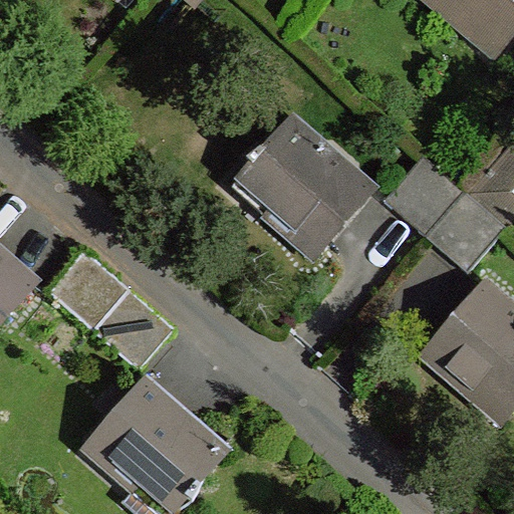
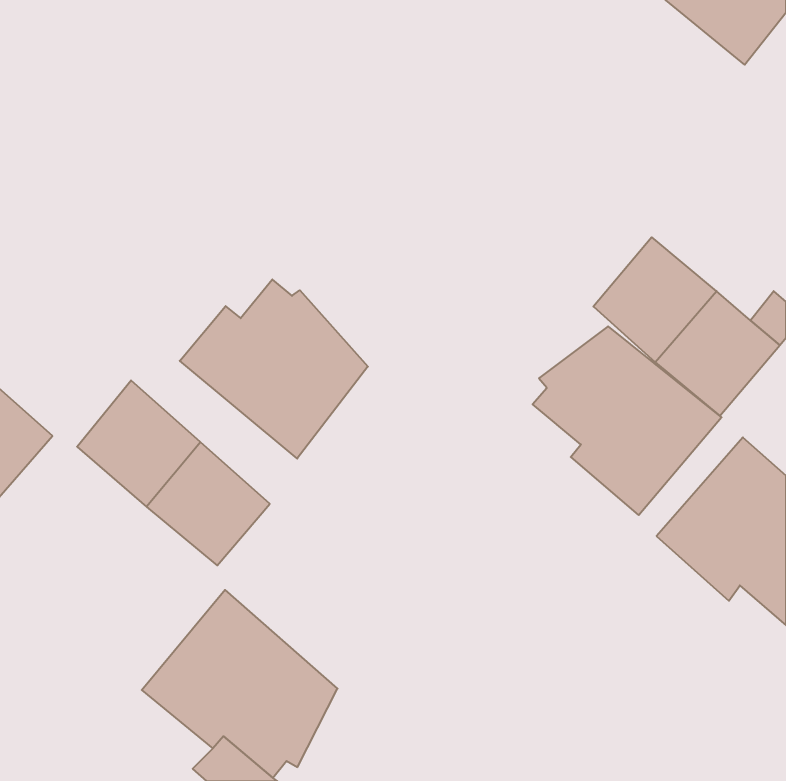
building: [243,122,370,251] -> none
building: none -> [180,279,368,459]
building: none -> [533,326,722,515]

